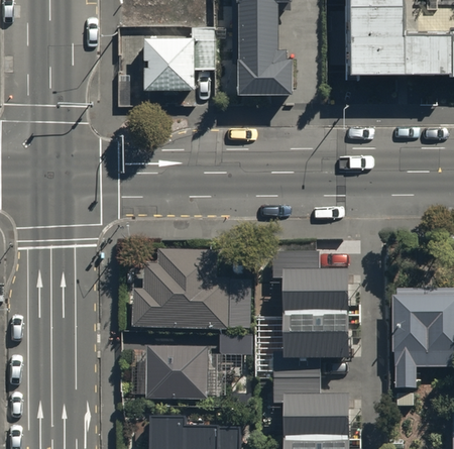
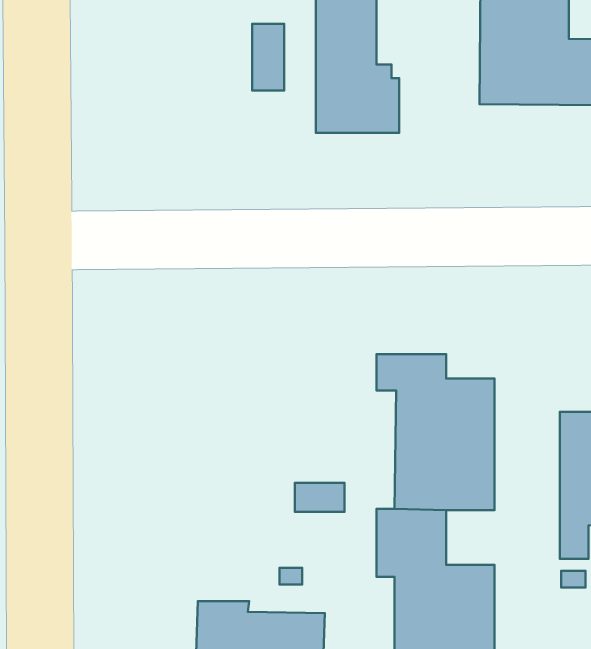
building: [139,41,190,93] -> none
building: [132,247,253,327] -> none
building: [147,343,208,397] -> none

